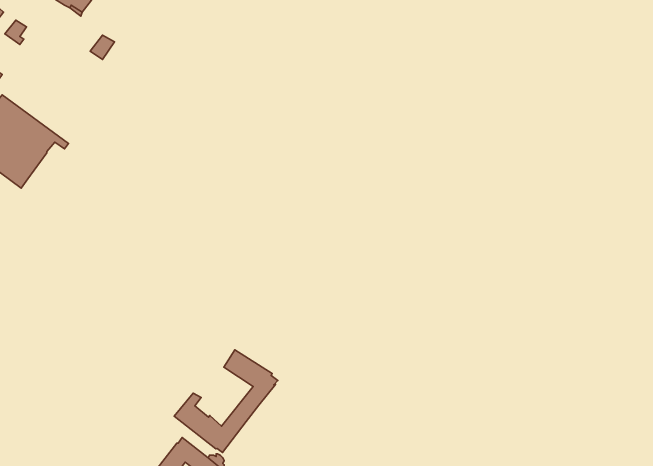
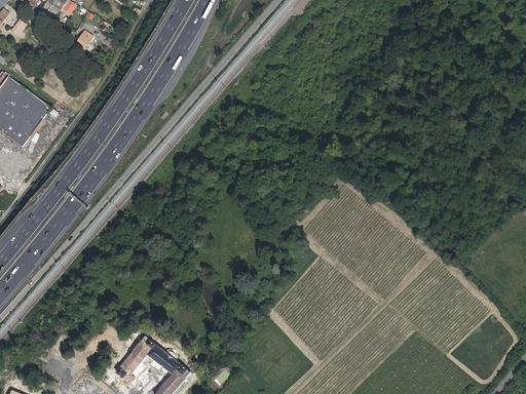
building: [174,350,278,453] -> none

